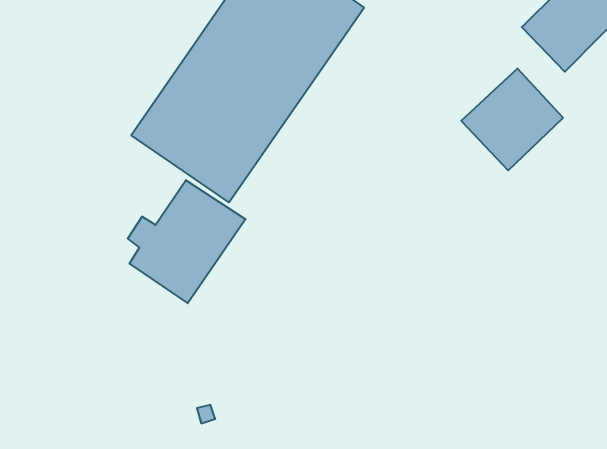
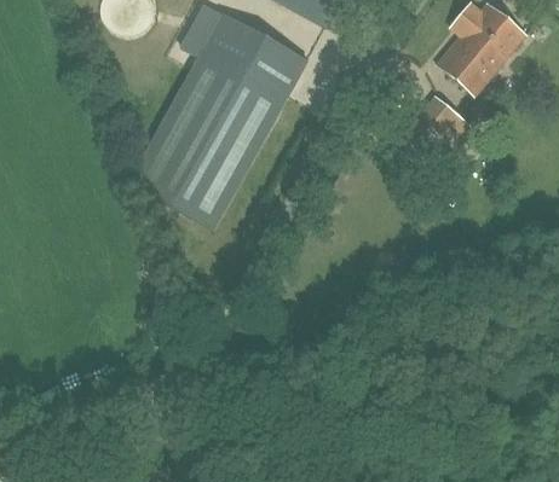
building: [128,180,246,303] -> none

